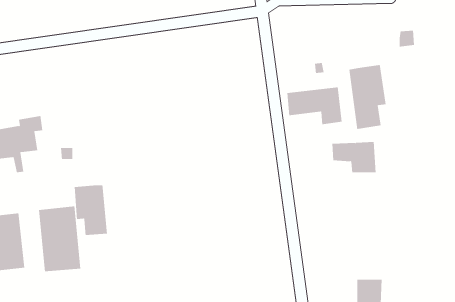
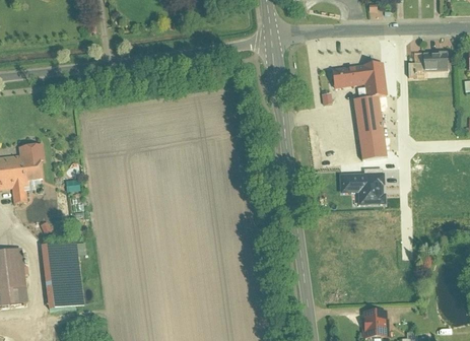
building: none -> [423,51,451,73]
building: [286,87,343,125] -> [331,59,388,97]
building: [74,184,108,236] -> none

